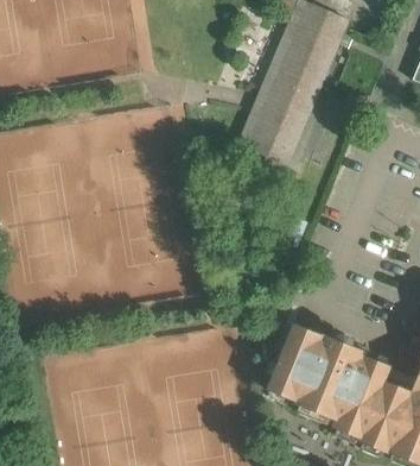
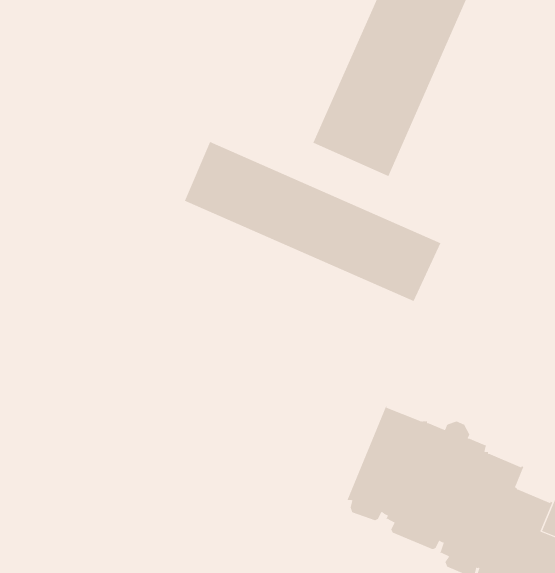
building: none -> [184,141,441,302]

